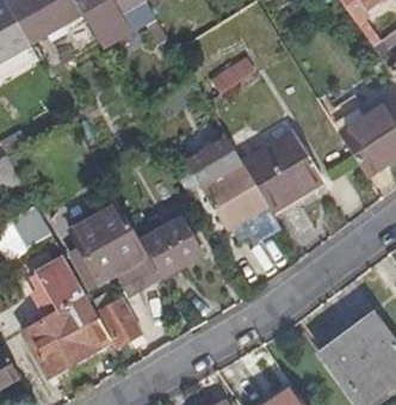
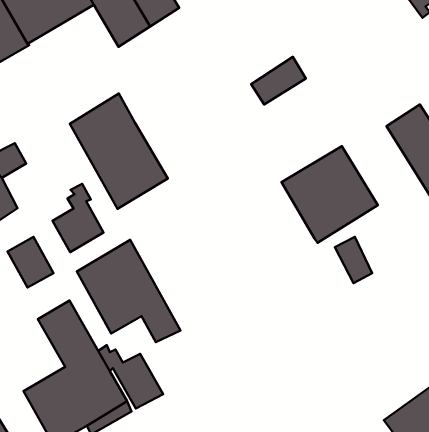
building: [186,135,267,231] -> [70,94,168,209]
building: none -> [53,184,104,252]
building: [140,215,204,278] -> none

